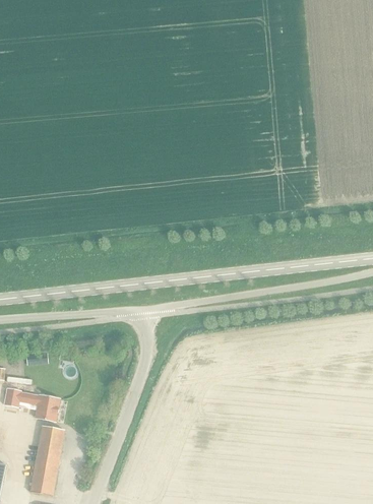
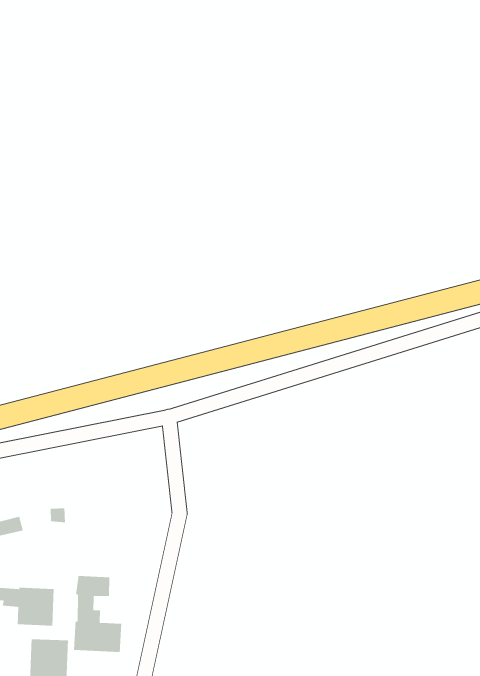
building: none -> [73,575,122,653]

